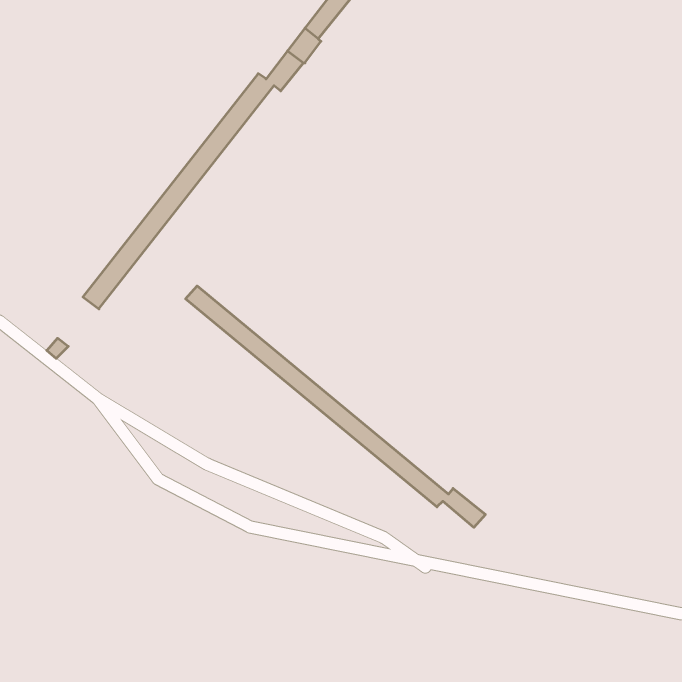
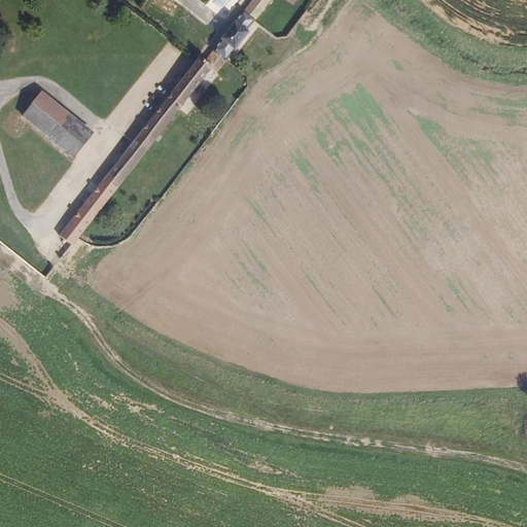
building: none -> [23,93,91,154]
building: [186,286,485,527] -> none

